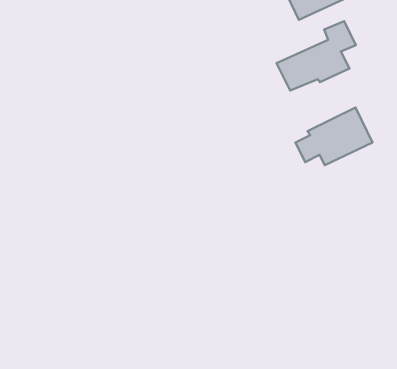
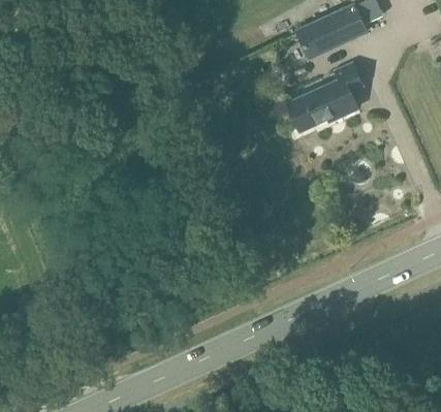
building: [296,108,372,165] -> none

